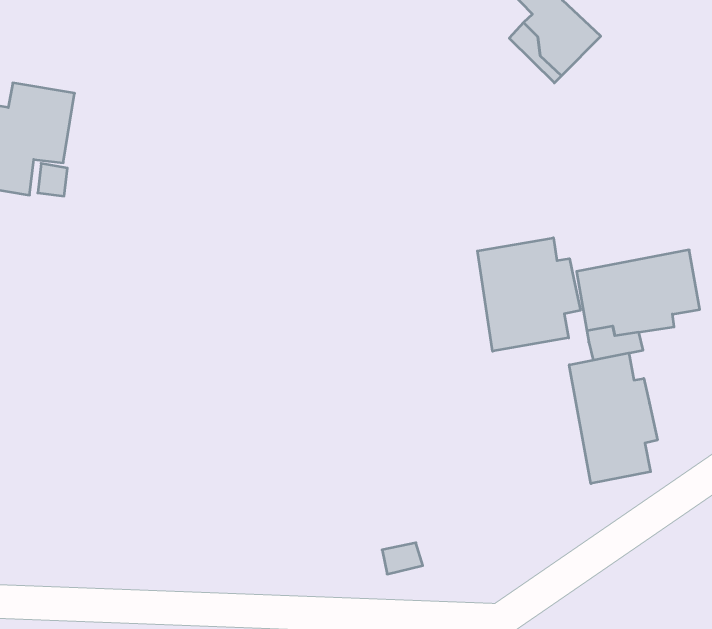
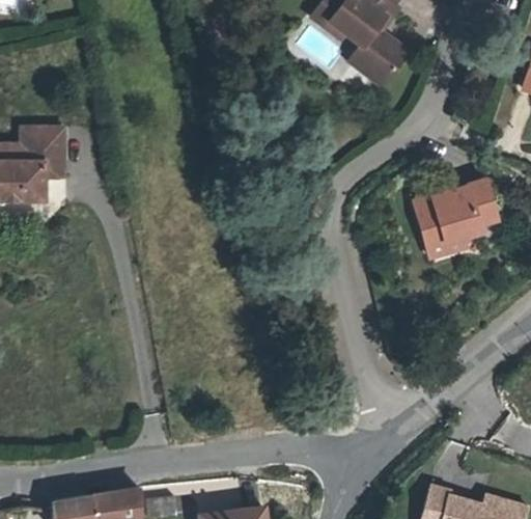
building: [477,238,580,351] -> none
building: [569,353,657,484] -> none

